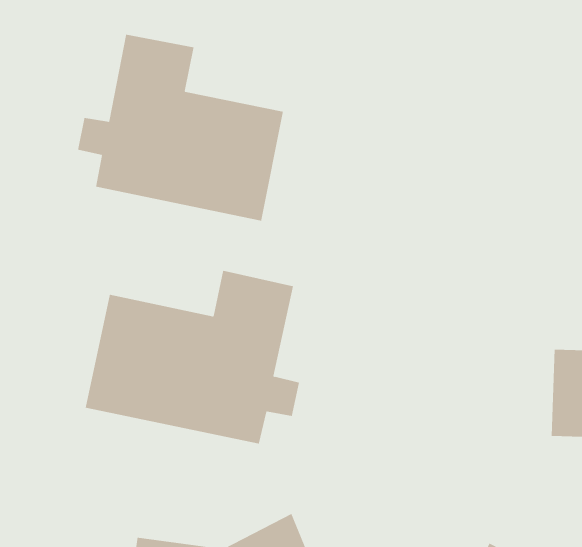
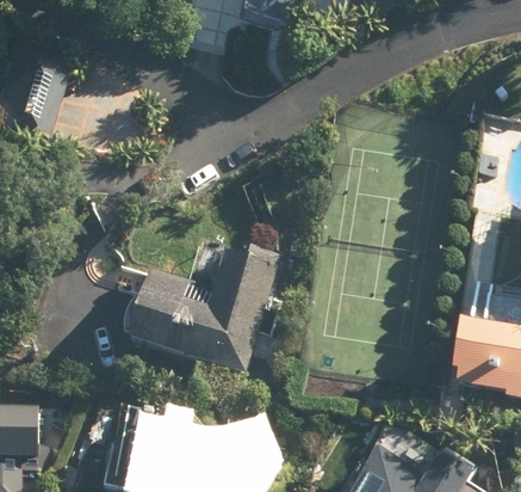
building: [78,34,284,221] -> none

